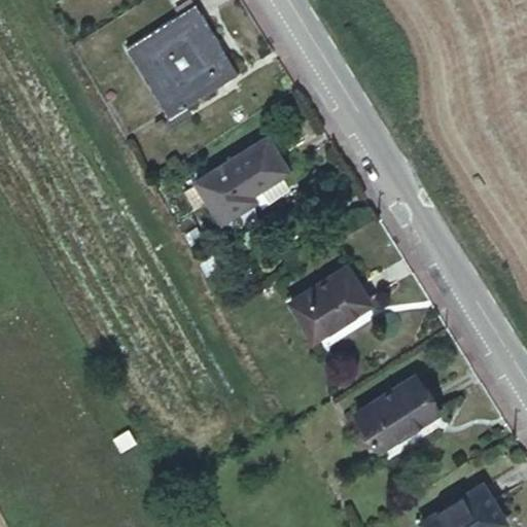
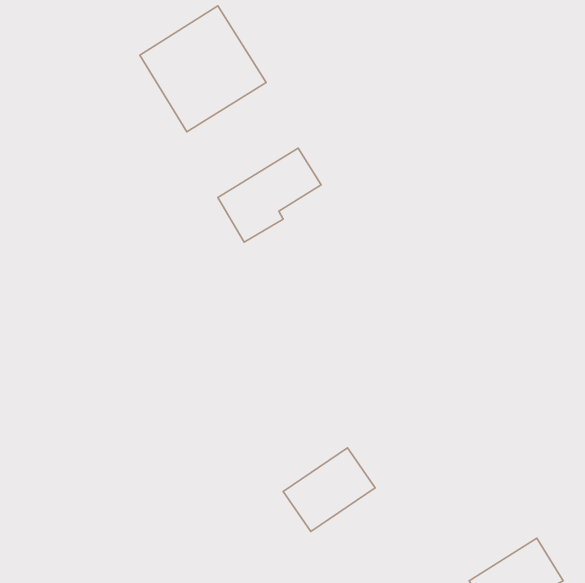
building: [290,269,371,342] -> none
building: [356,377,438,452] -> [283,448,375,532]

